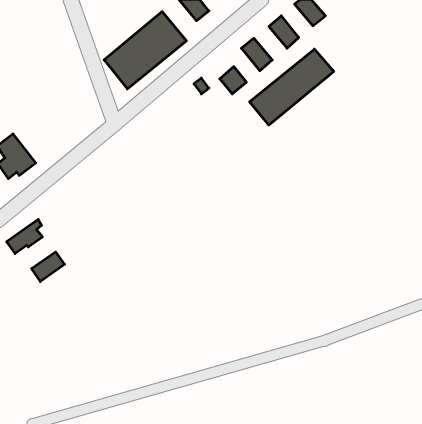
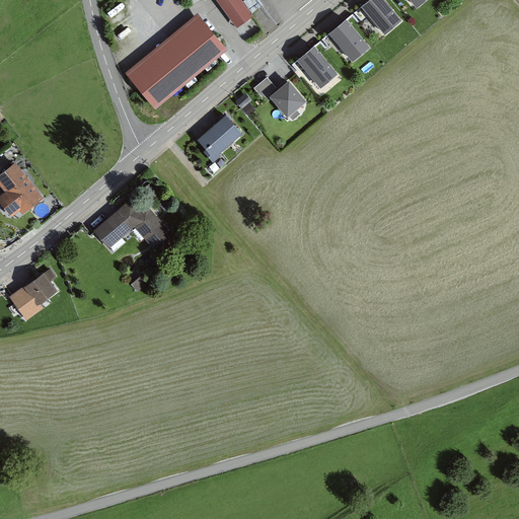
building: [250,49,334,125] -> none
building: none -> [199,116,243,159]
building: none -> [95,196,171,252]
building: [32,252,65,282] -> none

